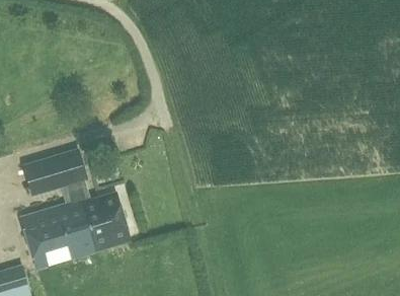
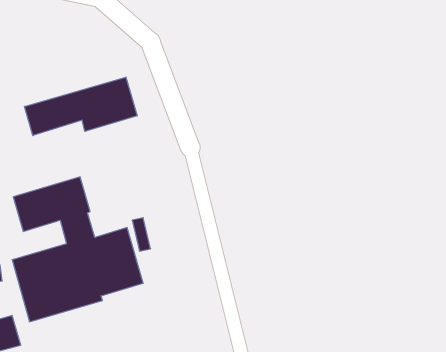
building: none -> [25,77,137,136]

